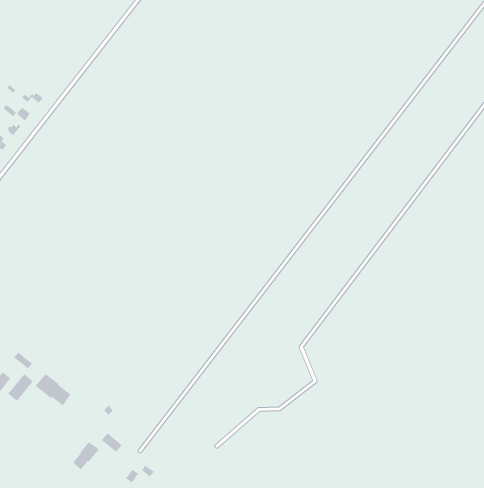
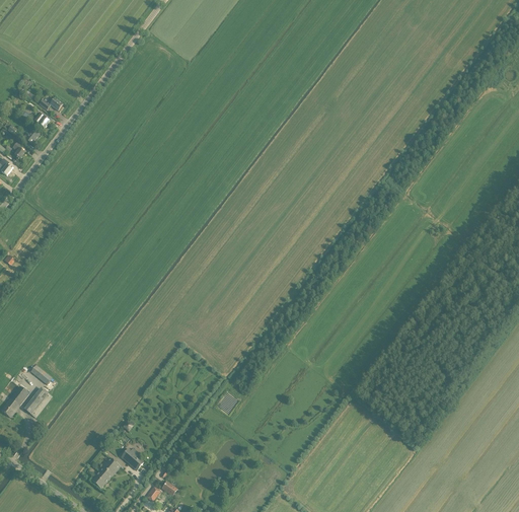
building: [35,373,71,406] -> none

